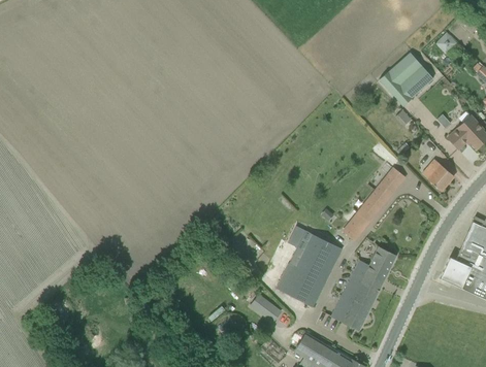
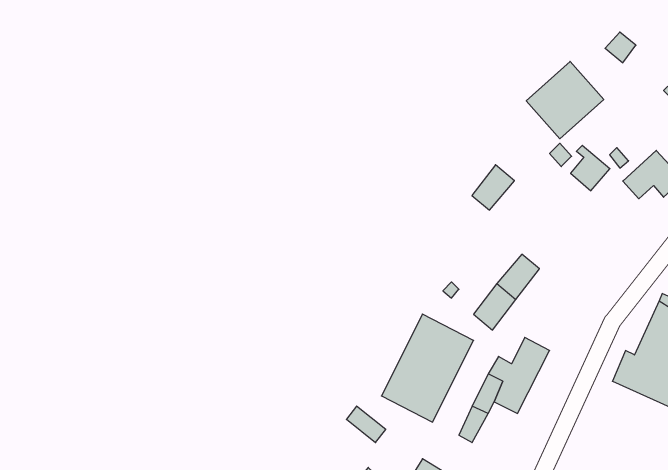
building: [427,159,455,191] -> [571,145,610,191]
building: [377,166,407,198] -> [472,165,514,210]
building: [342,292,374,329] -> none

